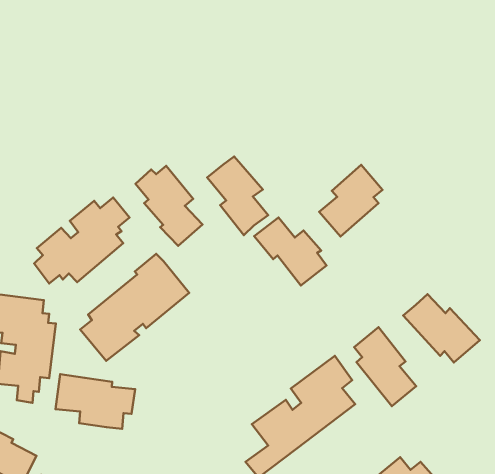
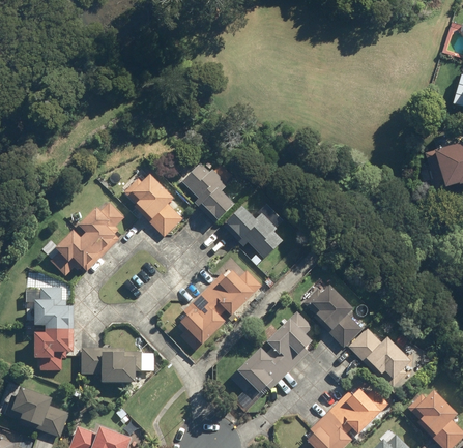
building: [319,165,382,237] -> none
building: [80,254,189,361] -> [178,257,261,345]
building: [403,294,480,363] -> [349,328,411,380]

